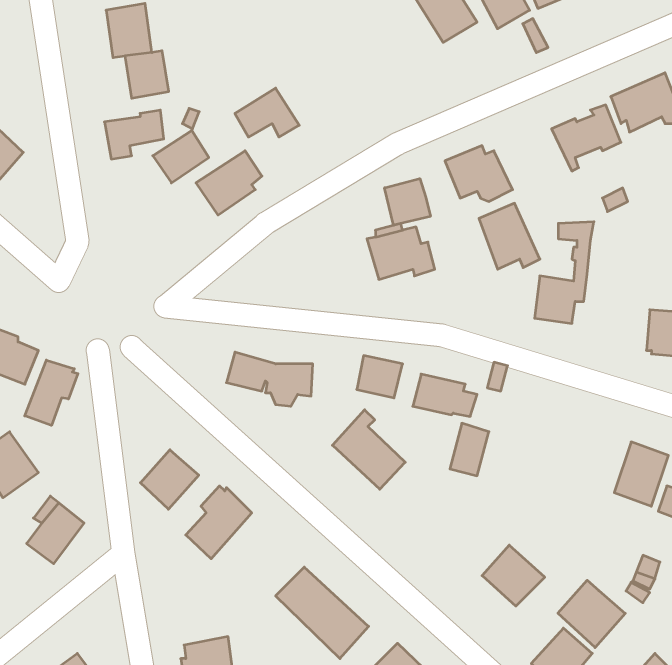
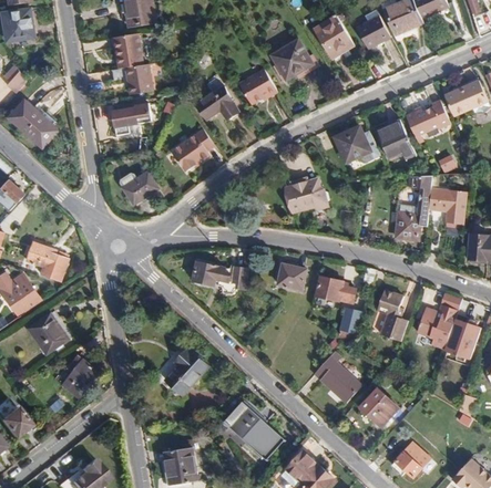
building: none -> [270,38,314,80]
building: none -> [239,69,278,104]
building: [153,130,209,183] -> [123,170,160,205]
building: [385,179,430,225] -> none
building: [479,203,540,269] -> [377,117,417,160]
building: none -> [428,187,466,222]
building: [25,360,78,425] -> none
building: none -> [377,288,408,340]
building: none -> [417,293,460,349]
building: [332,410,405,489] -> [314,350,361,402]
building: [140,450,199,509] -> none
building: [558,580,625,648] -> none

